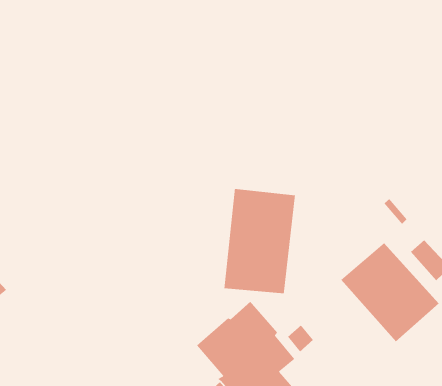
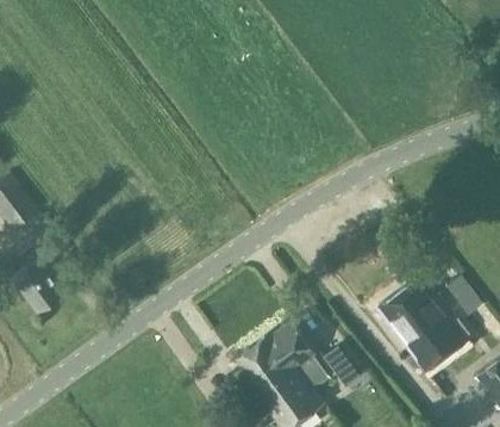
building: [224,188,295,294] -> none

